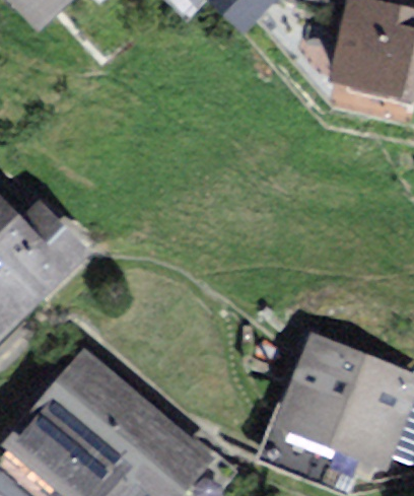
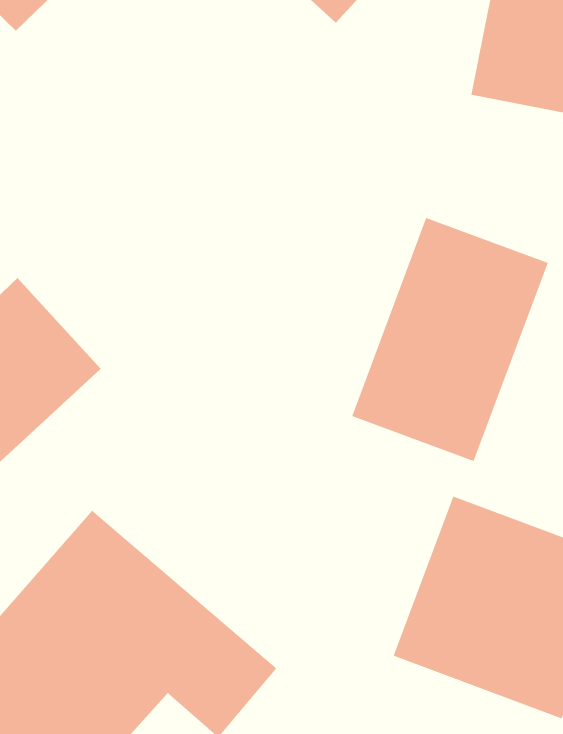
building: none -> [351,217,548,462]

